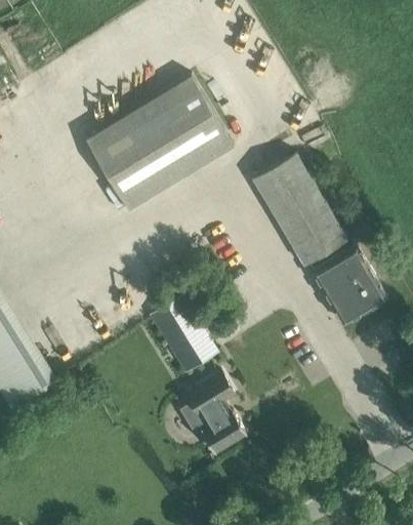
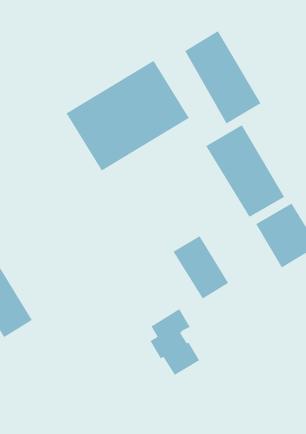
building: none -> [184,30,261,124]
building: [151,297,218,374] -> [172,235,229,300]

